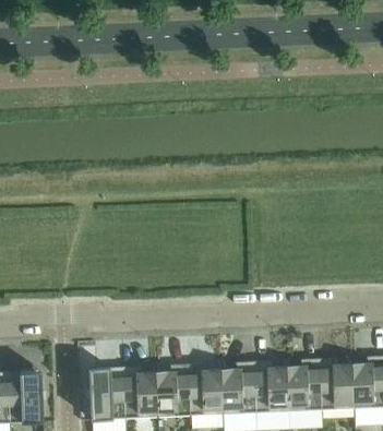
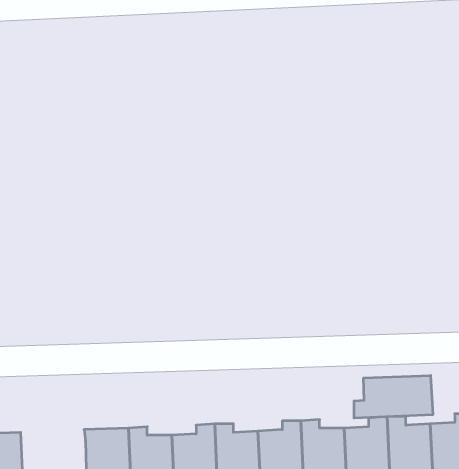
building: none -> [354,375,433,418]

